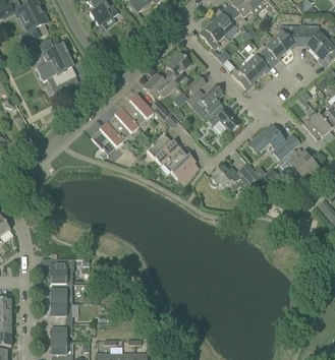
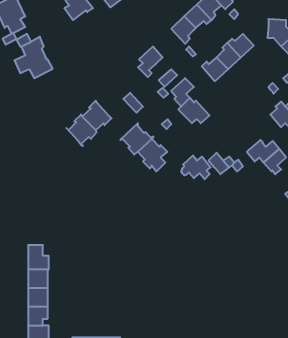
building: [274,24,300,51] -> none
building: [143,73,175,98] -> none
building: [122,94,153,124] -> none
building: [247,124,300,159] -> none

